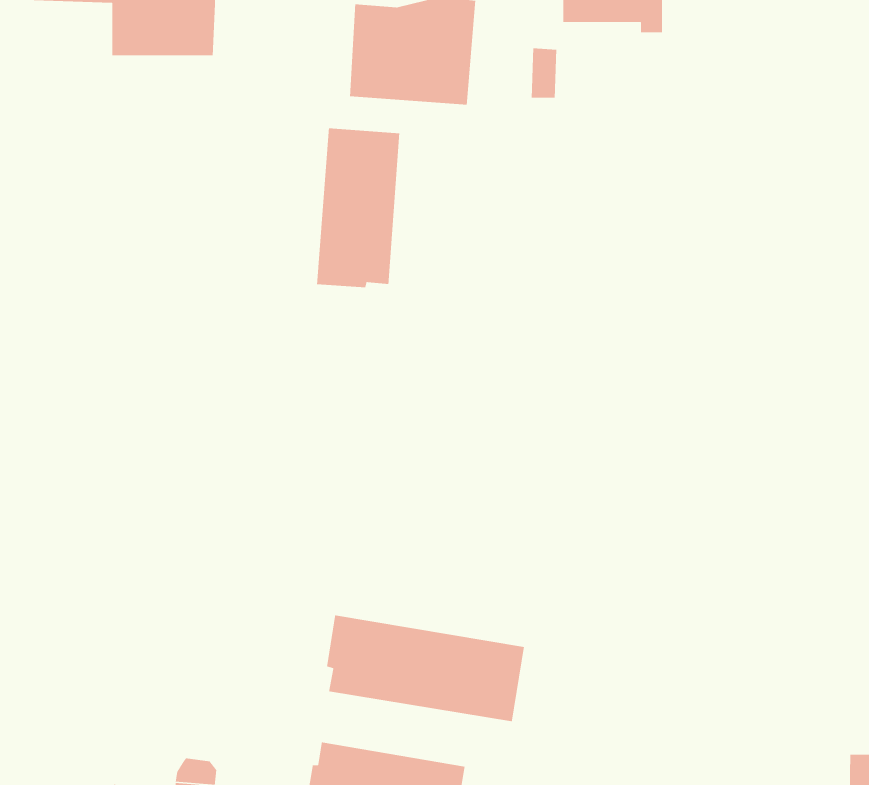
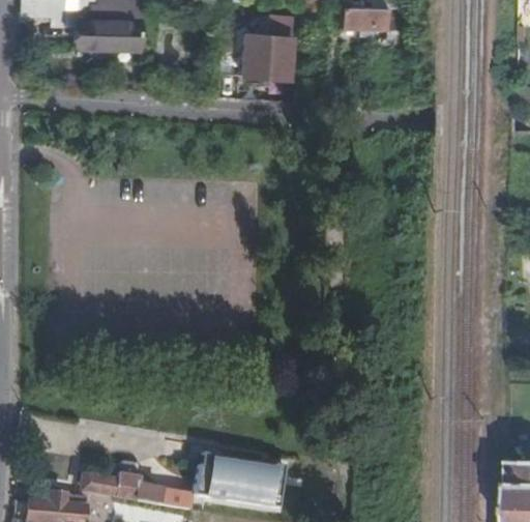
building: [316,128,400,288] -> none
building: [326,614,525,722] -> none

